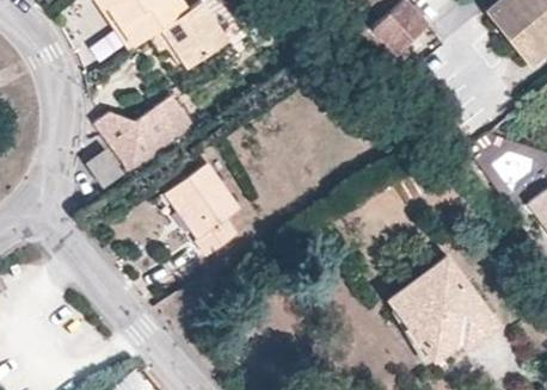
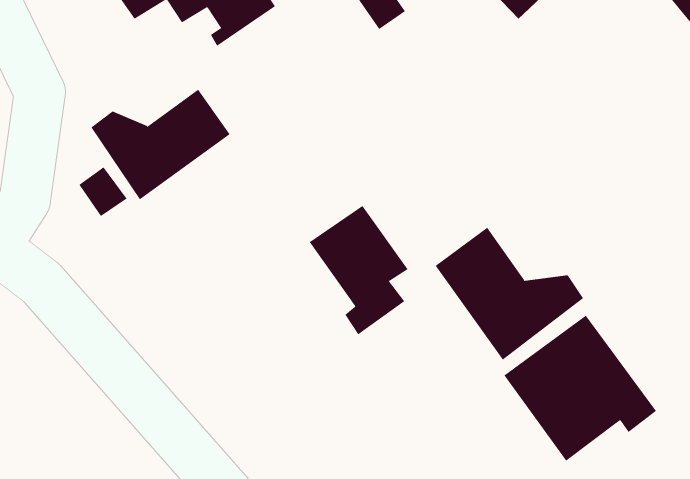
building: [168,166,239,258] -> [309,205,408,335]
building: none -> [435,227,584,360]

